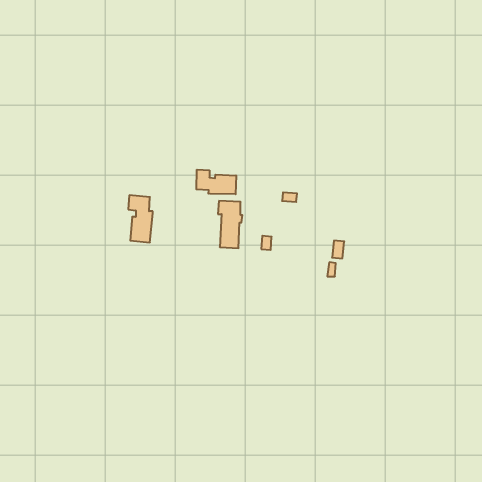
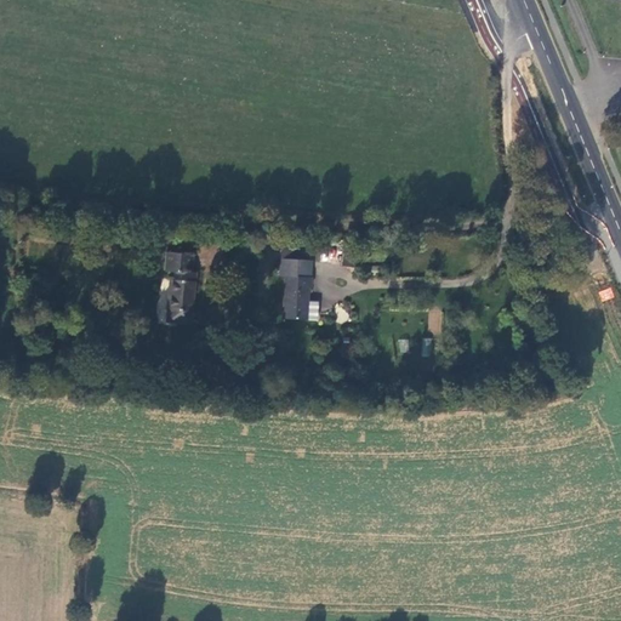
building: [196,170,236,194] -> none

